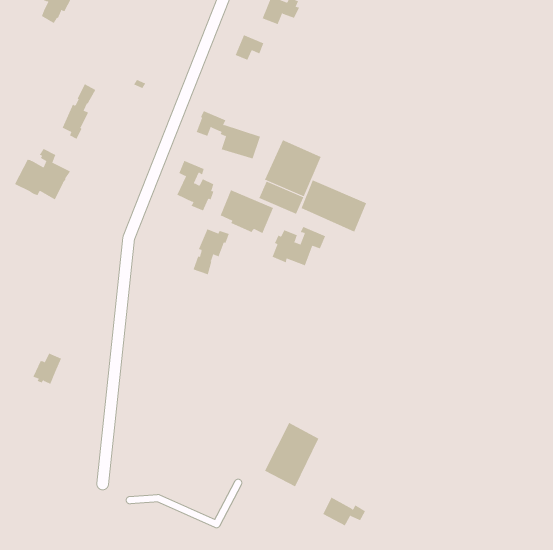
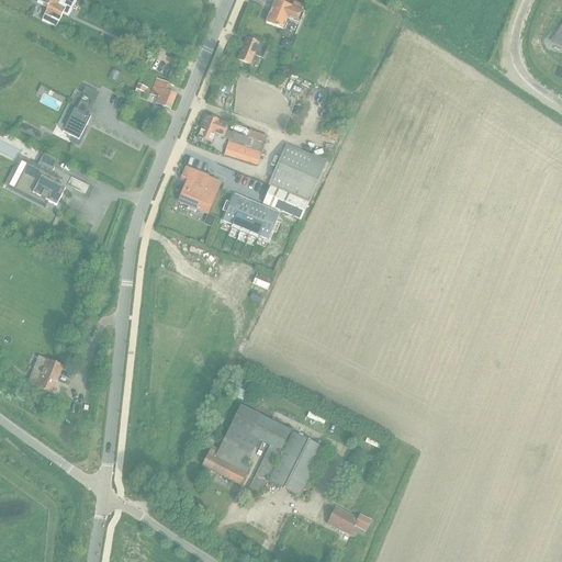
building: none -> [150,76,177,106]
building: [301,179,367,232] -> none
building: [272,226,326,266] -> none
building: [193,228,230,275] -> none
building: none -> [203,403,290,492]

